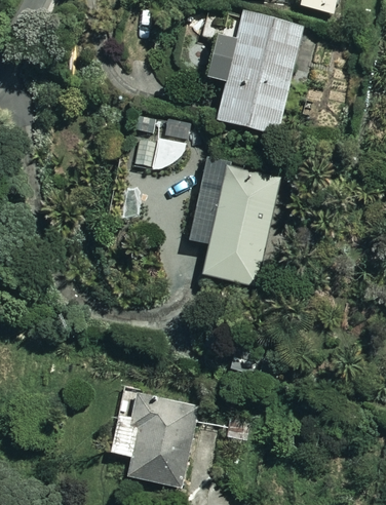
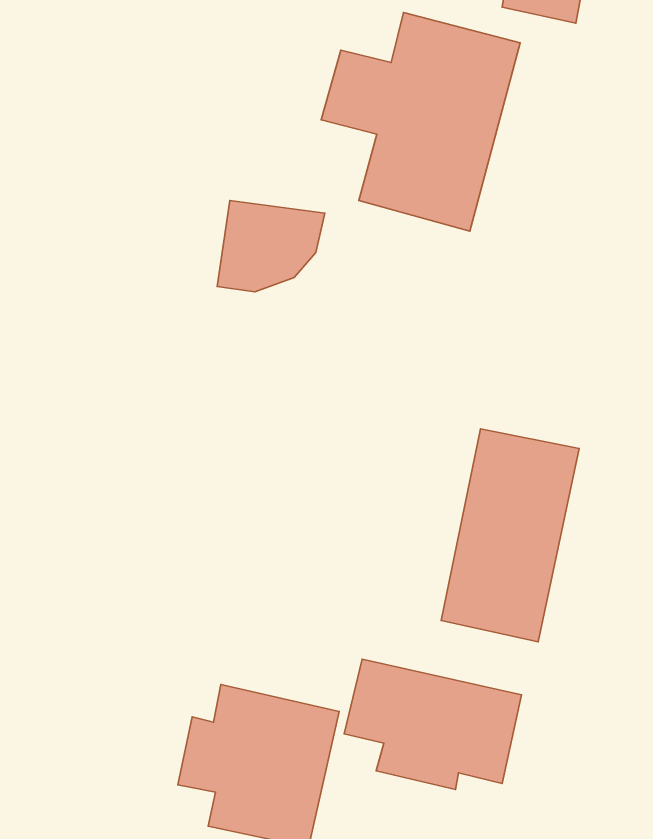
building: [201,163,280,285] -> [441,429,579,642]
building: none -> [344,659,522,789]

